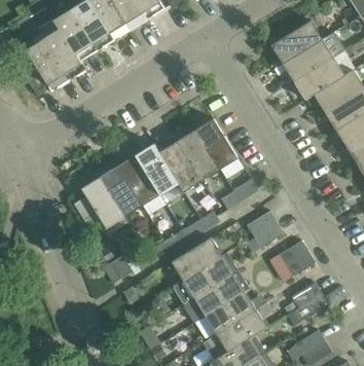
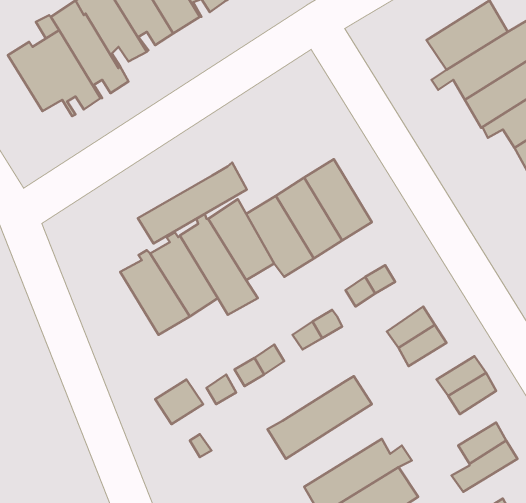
building: none -> [138,163,247,243]
building: [171,237,221,281] -> none
building: [184,270,248,322] -> none

